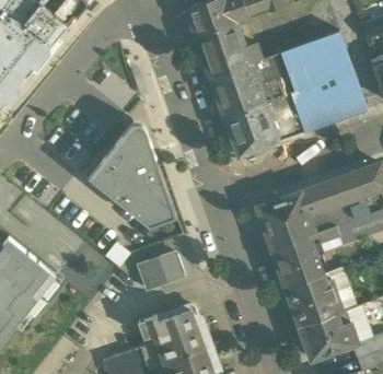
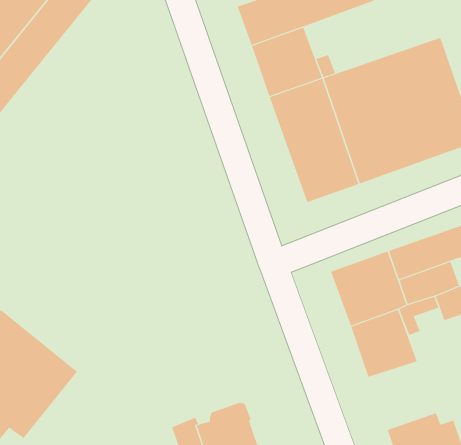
building: [89,122,176,227] -> none
building: [138,252,184,290] -> none
building: [286,274,344,326] -> none

